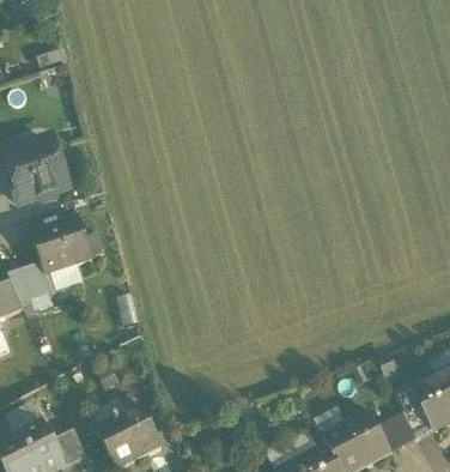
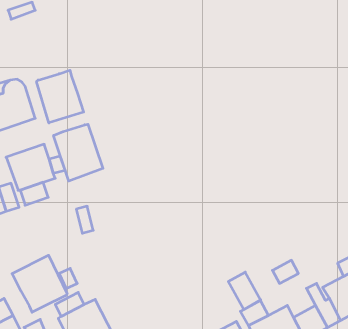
building: none -> [37,70,84,123]
building: none -> [54,124,103,181]
building: none -> [12,255,67,312]
building: none -> [228,272,261,309]

